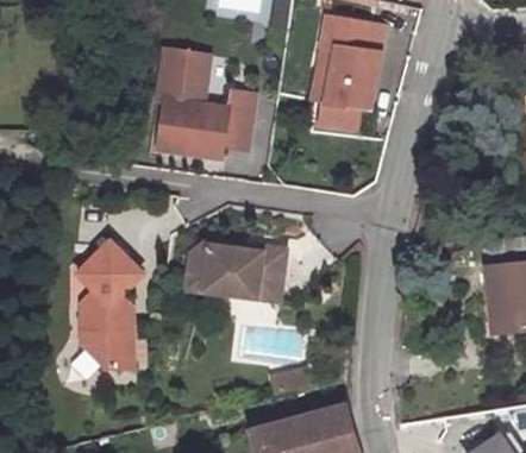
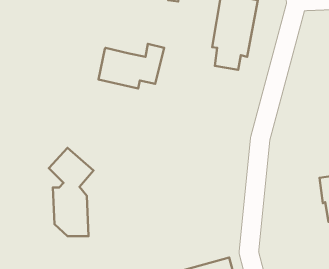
building: [152,44,209,103] -> none
building: [190,240,283,296] -> none

